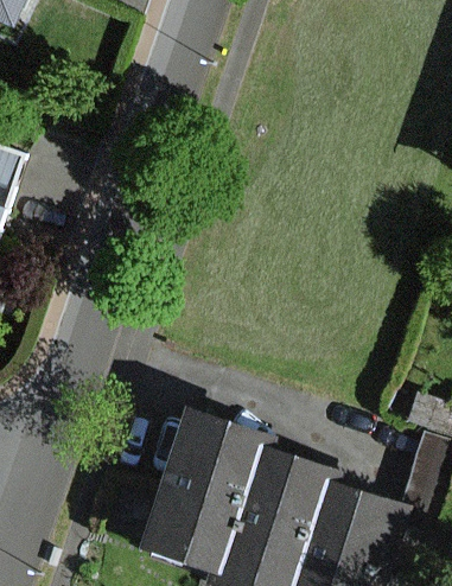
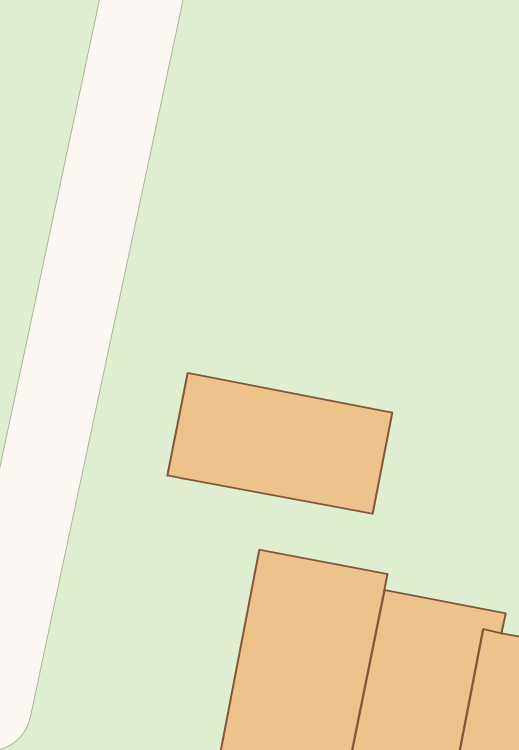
building: none -> [167,373,392,514]

